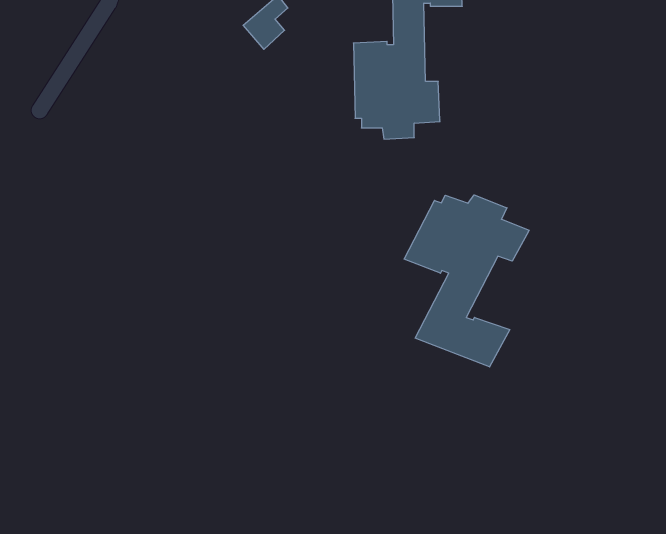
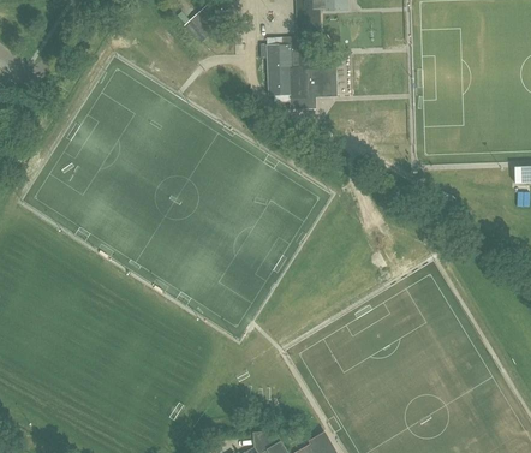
building: [404,195,529,367] -> none

